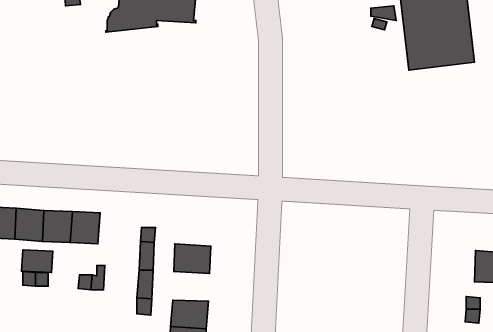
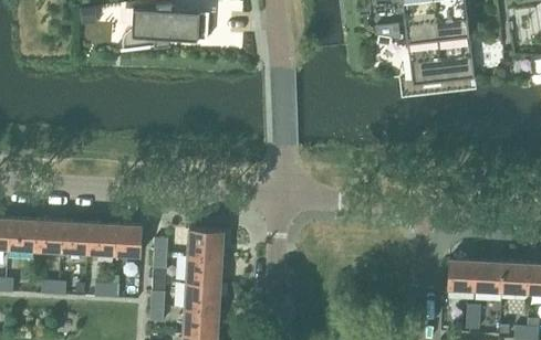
building: none -> [113,224,143,255]
building: none -> [187,229,223,256]
building: none -> [447,259,476,290]
building: [22,250,53,272] -> none
building: none -> [185,280,220,309]

